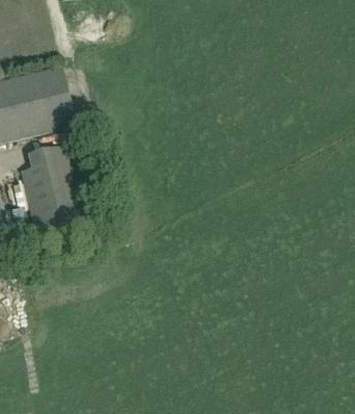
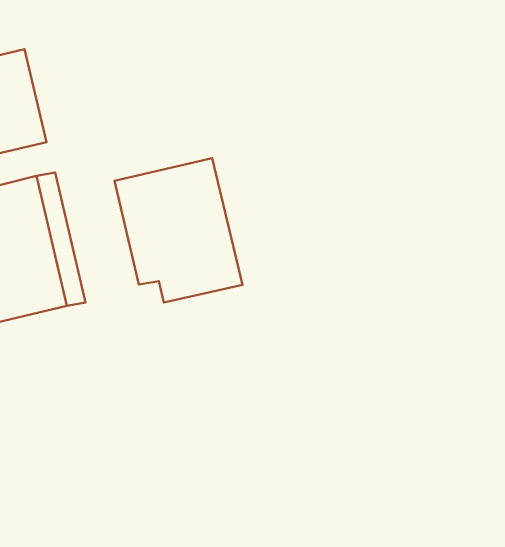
building: none -> [114,158,242,302]

